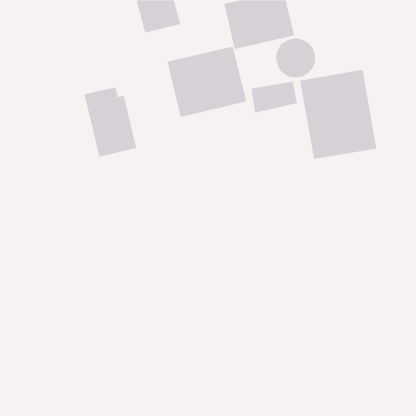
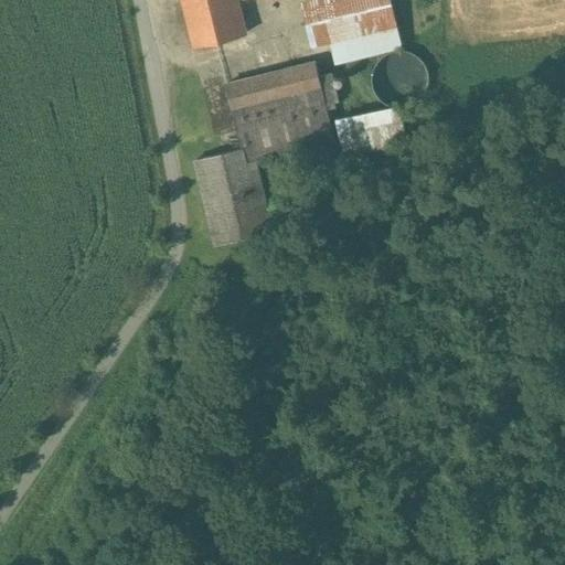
building: [299,69,377,160] -> none
building: [83,86,137,157] -> [196,147,269,243]

